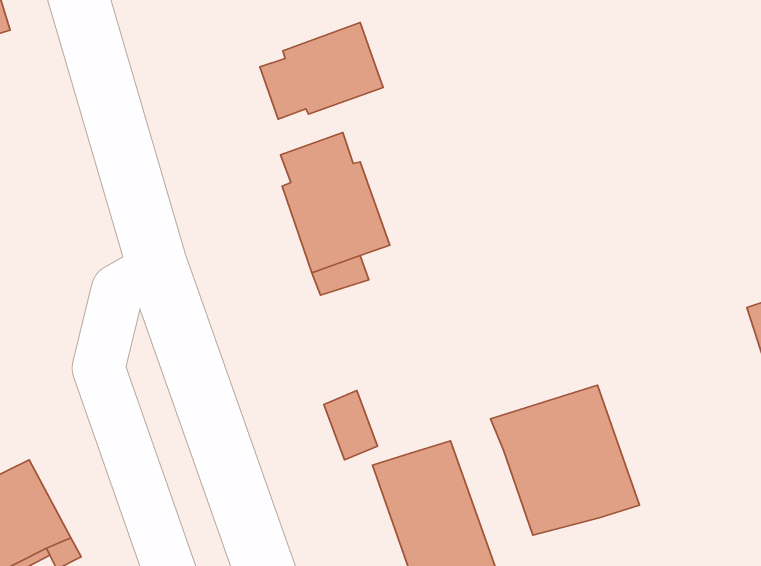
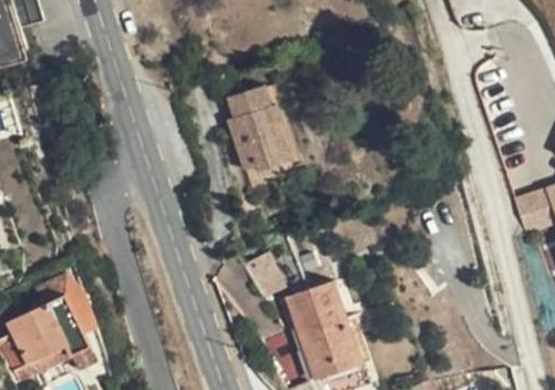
building: [260,23,383,119] -> none
building: [491,385,640,535] -> none

